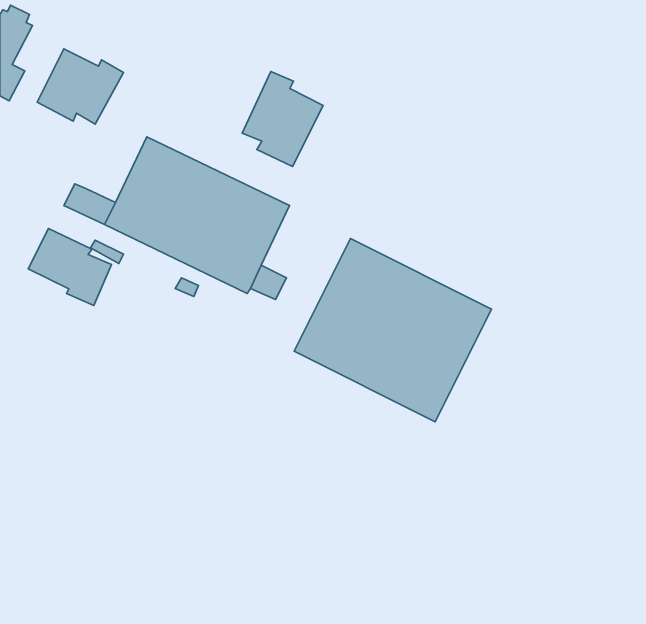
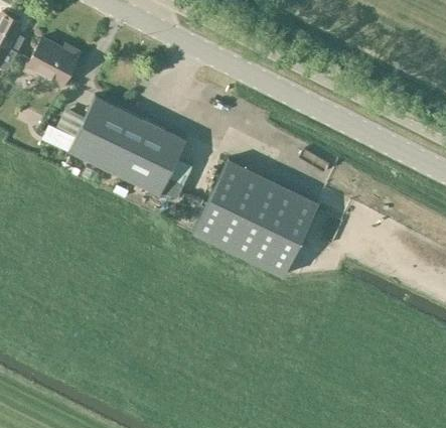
building: [242,72,323,167] -> none
building: [28,229,112,306] -> none

